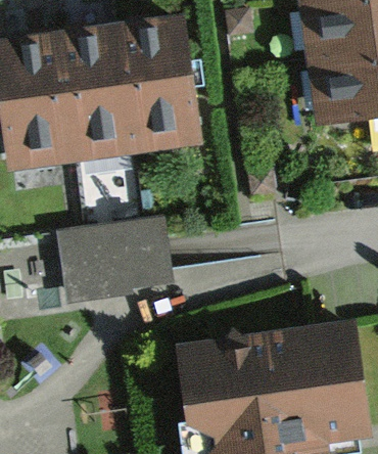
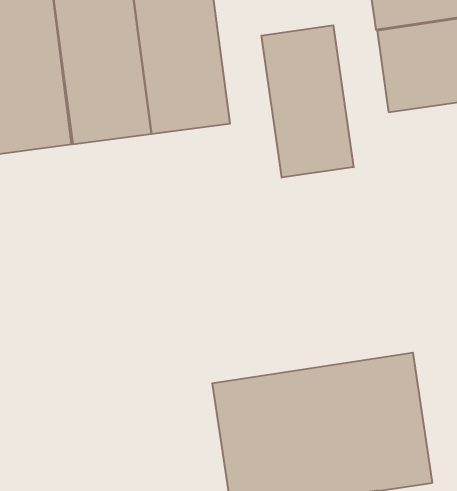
building: none -> [261,25,354,178]
building: [57,219,175,300] -> none

